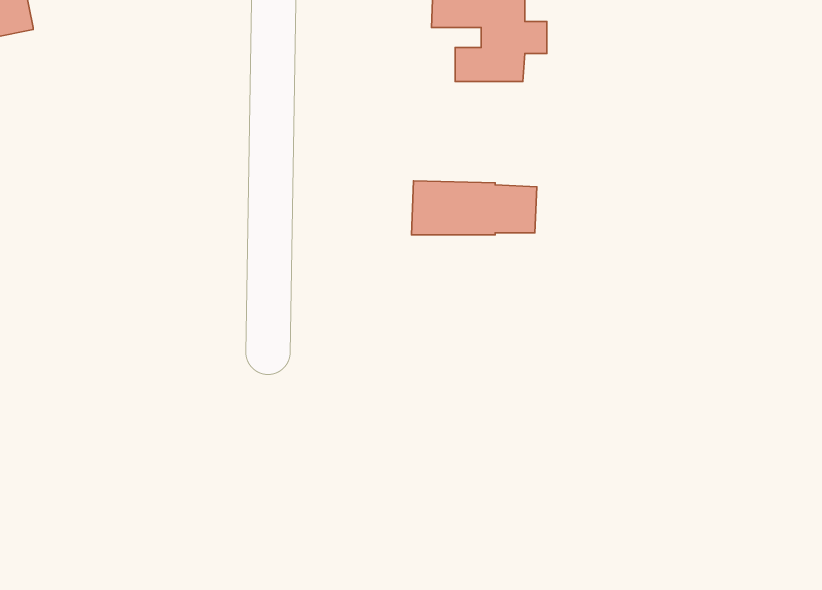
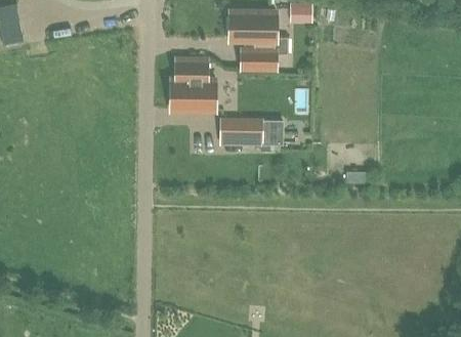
building: none -> [170,58,215,109]

